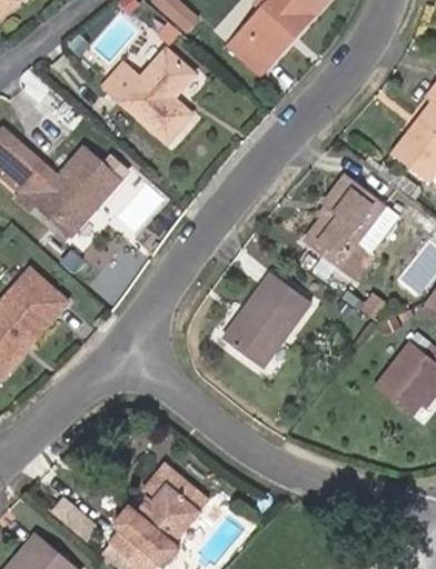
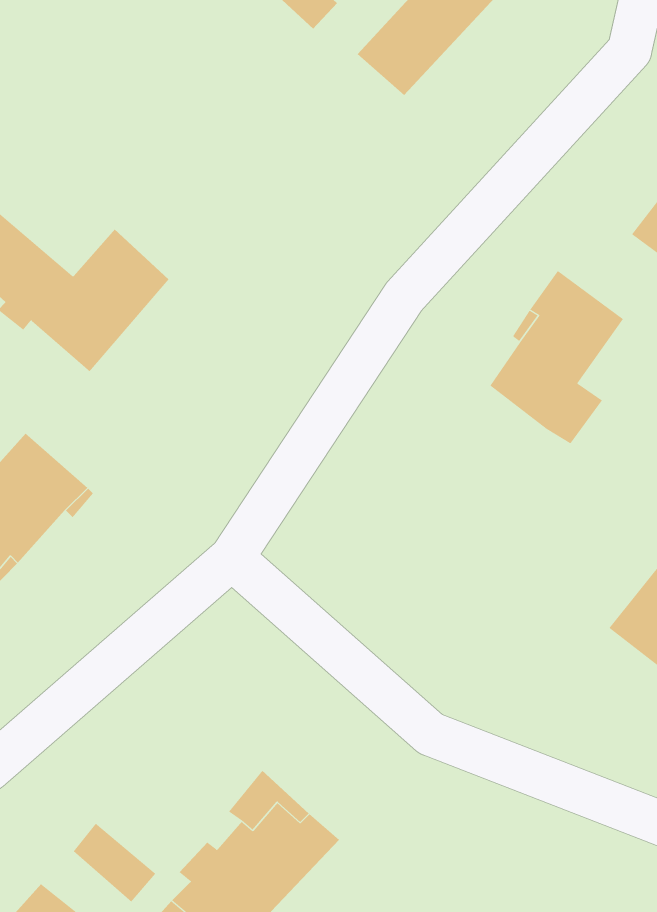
building: [103,51,194,143] -> none
building: [224,272,311,368] -> none

